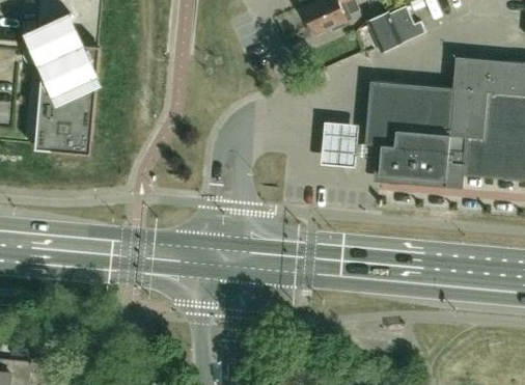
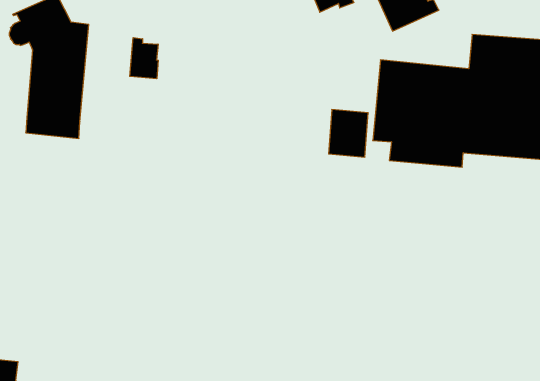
building: none -> [130,38,158,79]

